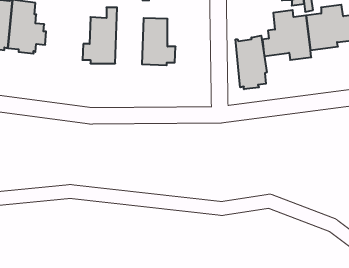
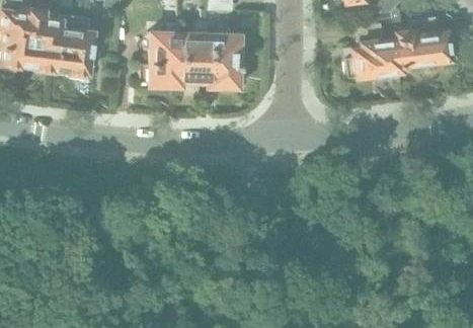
building: none -> [179,21,212,86]
building: [236,36,267,89] -> none

